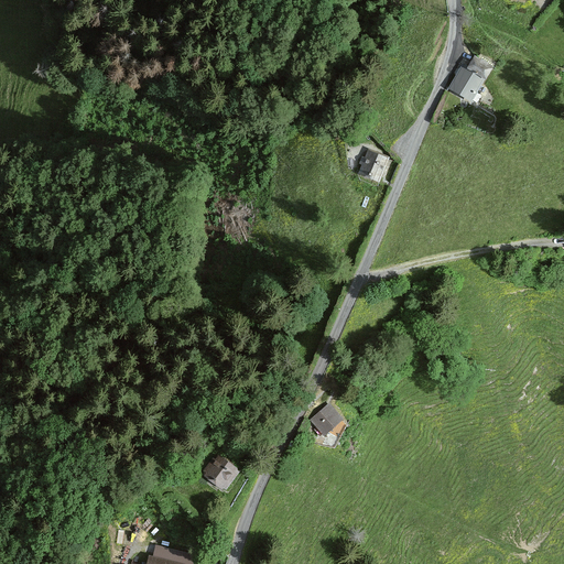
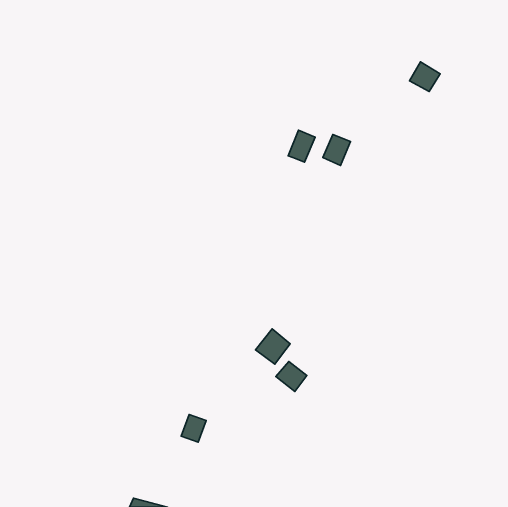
building: none -> [288,130,315,162]
building: none -> [256,329,290,364]

